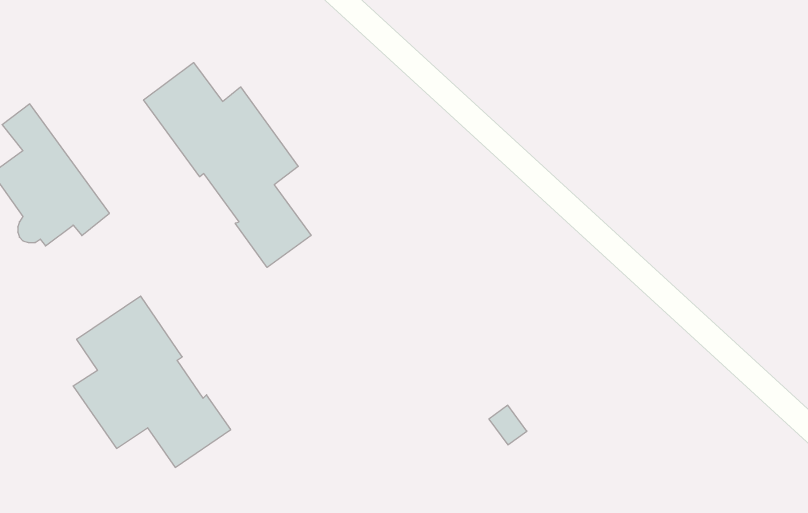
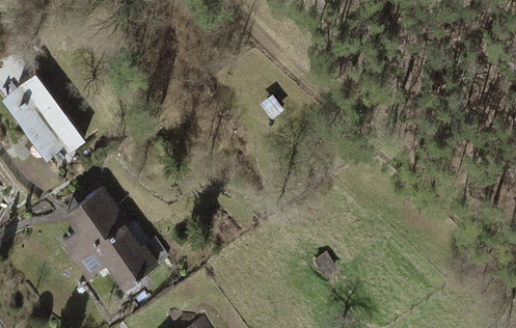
building: [144,63,311,267] -> none

